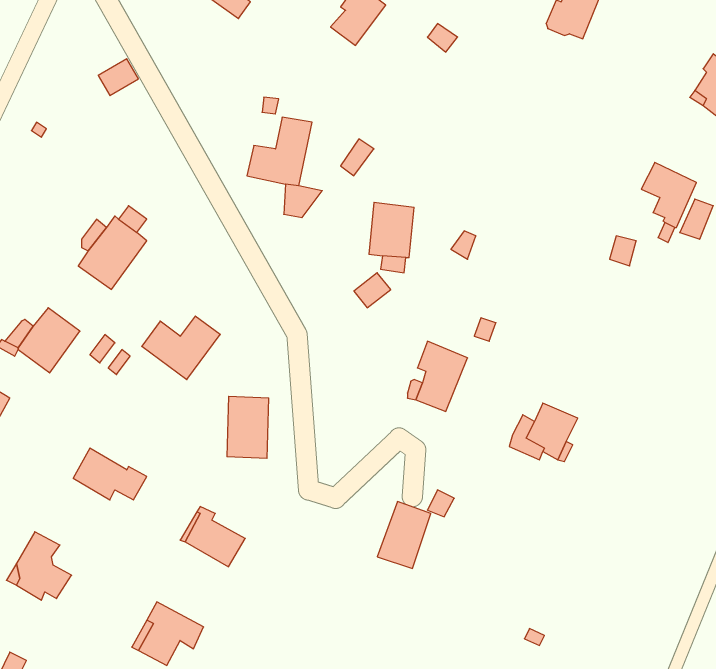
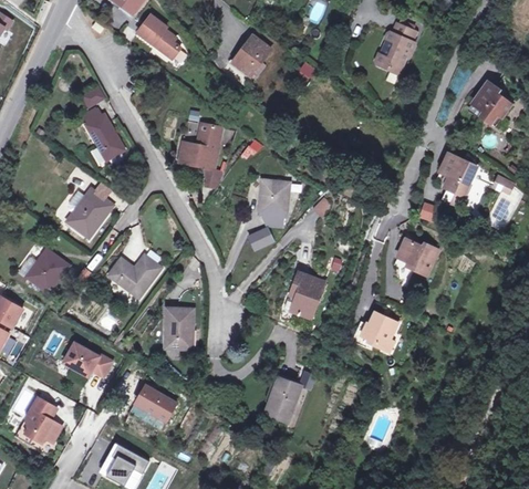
building: none -> [82,107,124,159]
building: none -> [397,238,438,274]

